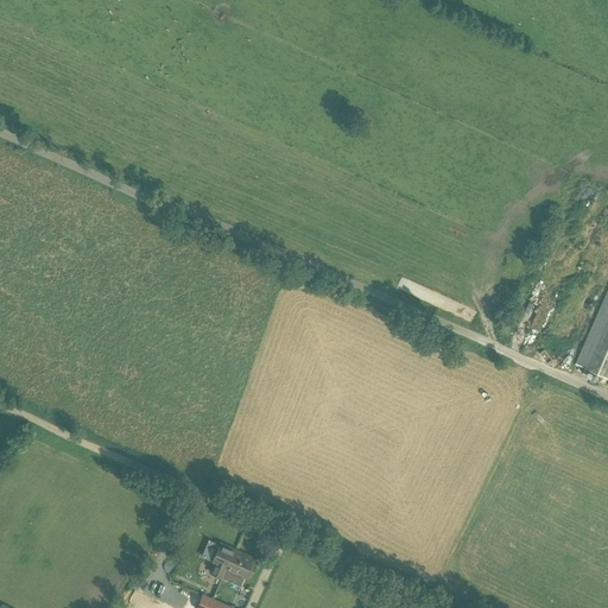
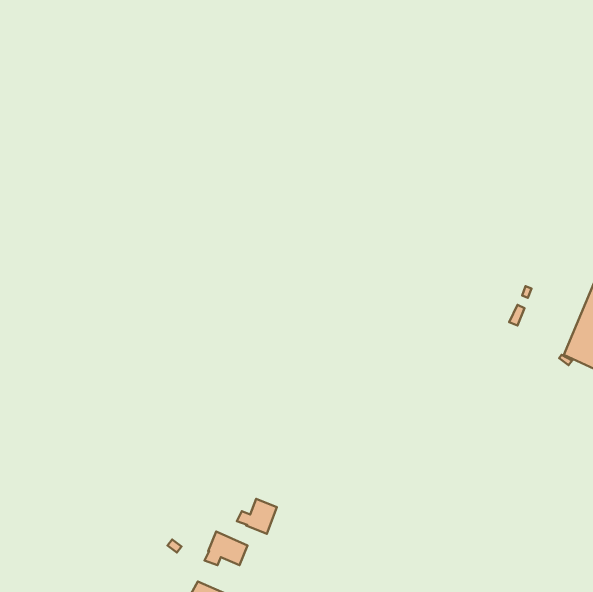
building: none -> [237,499,277,534]

